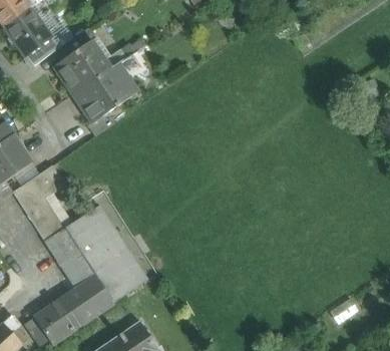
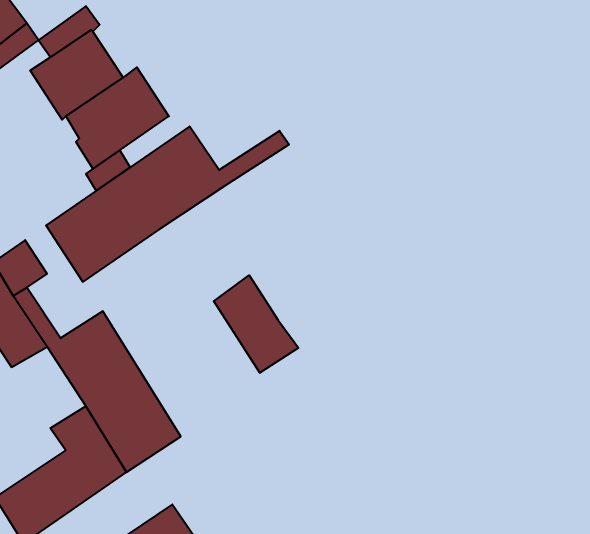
building: none -> [46,126,289,282]
building: none -> [214,275,298,373]
building: [44,228,88,276] -> none

